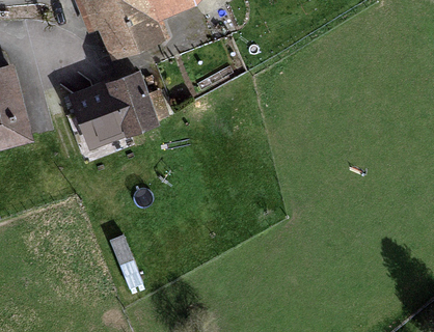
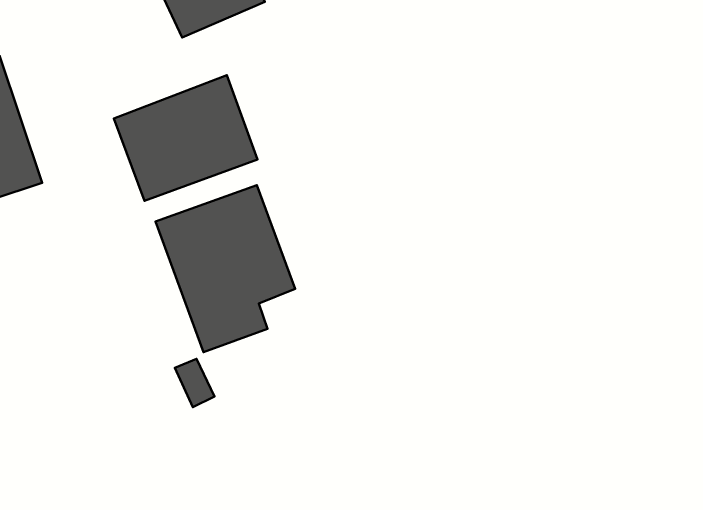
building: none -> [155,185,295,352]

